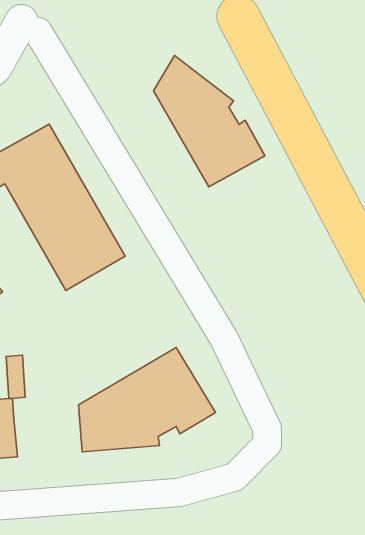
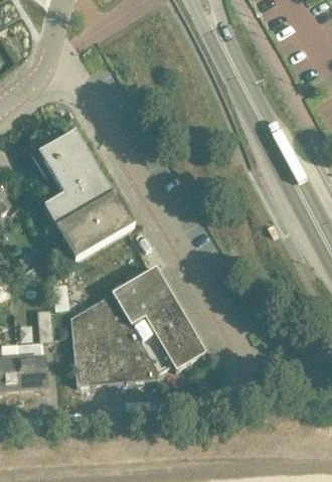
building: [154,56,265,187] -> none
building: none -> [71,268,174,384]

